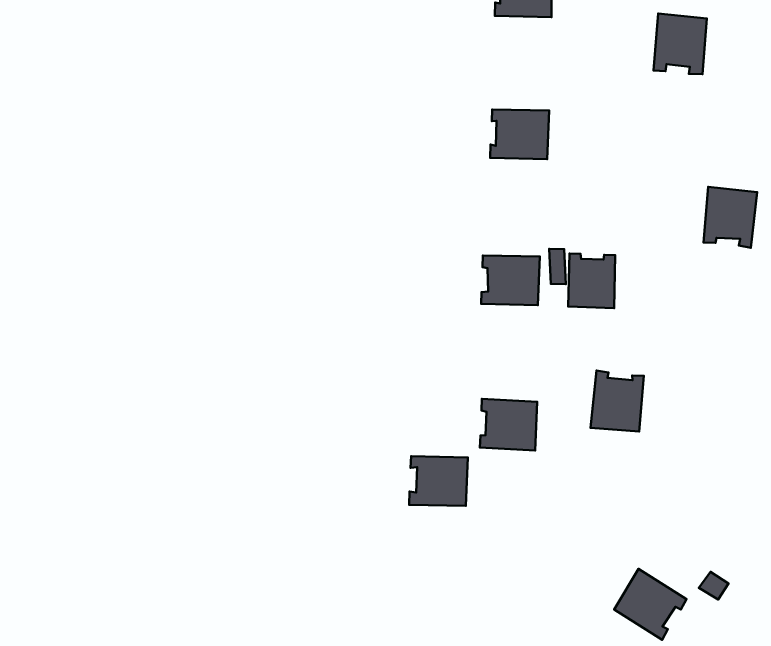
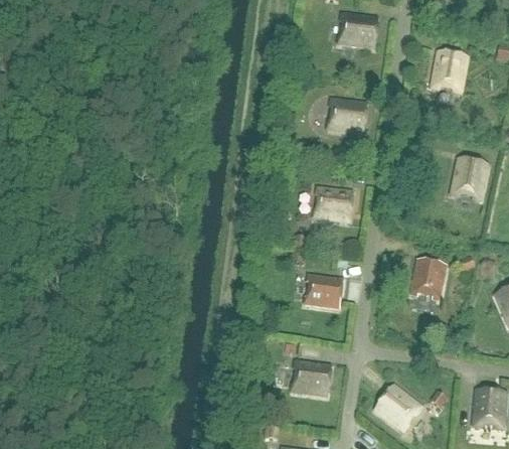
building: [568,253,615,308] -> none
building: [591,370,644,431] -> [410,258,446,297]
building: [409,456,468,506] -> [292,360,330,394]

